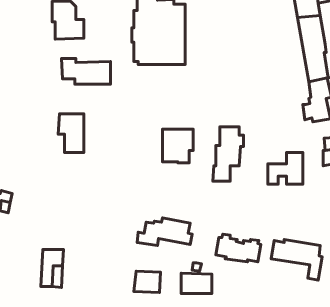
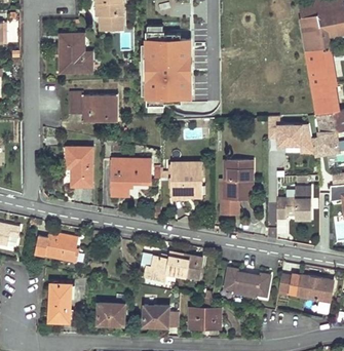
building: none -> [268,115,314,154]
building: none -> [112,159,150,196]
building: none -> [34,235,78,263]
building: none -> [97,304,123,325]

